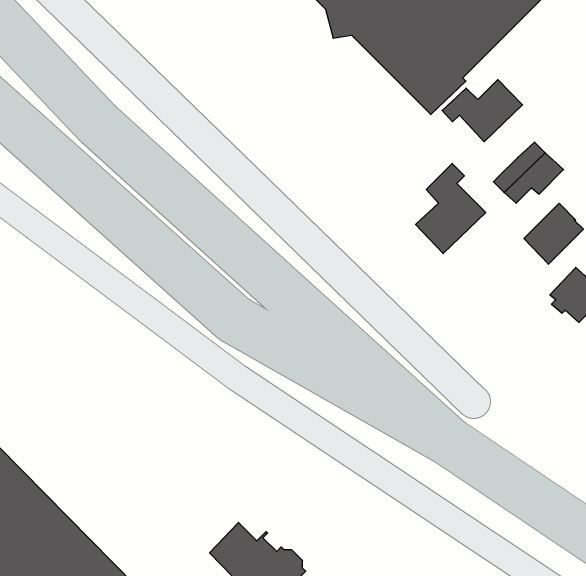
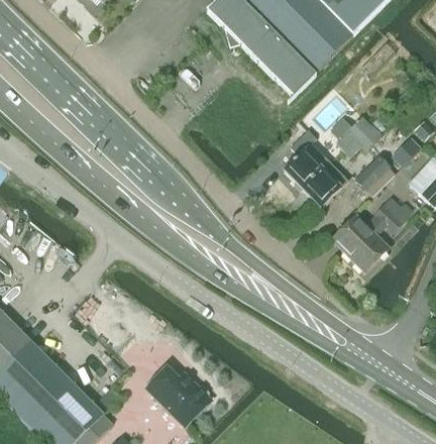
building: [442,80,523,142] -> none
building: none -> [301,160,347,206]
building: none -> [331,214,388,270]

